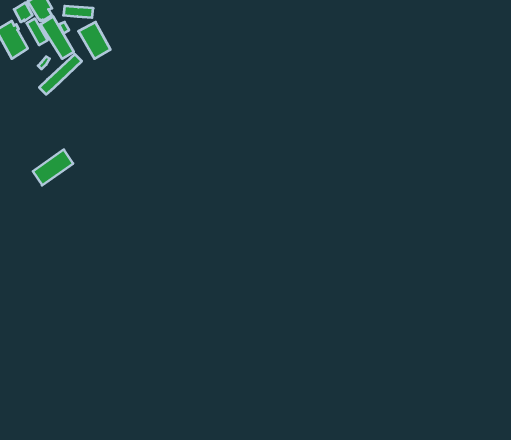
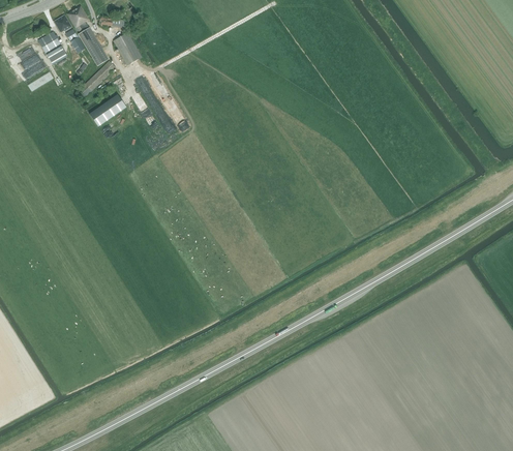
building: [33,150,73,185] -> [90,94,126,126]

